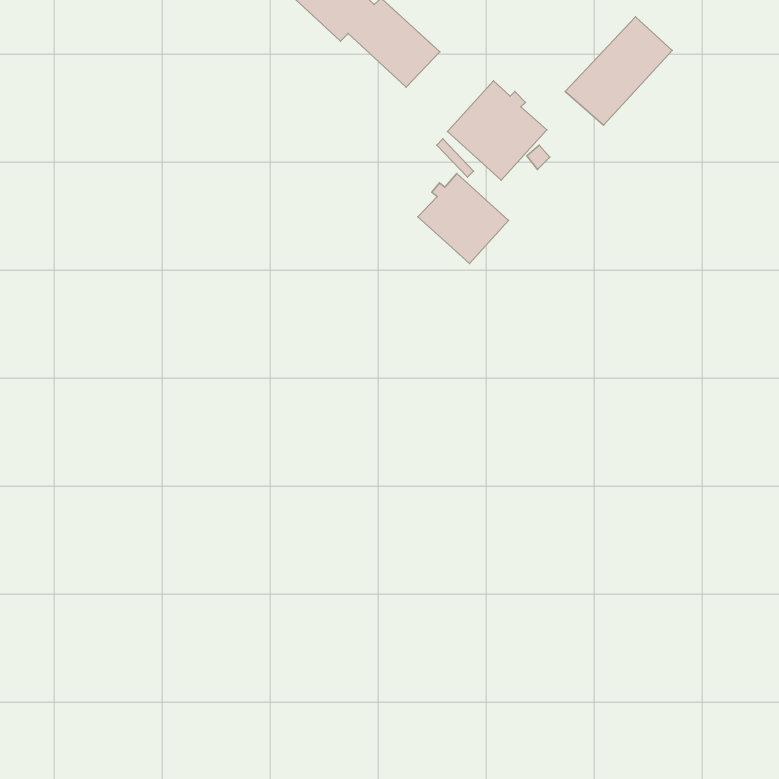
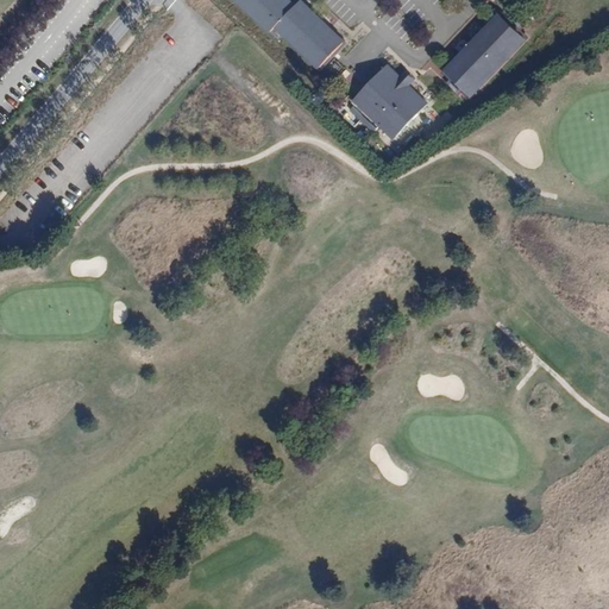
building: [418,174,509,264] -> none

